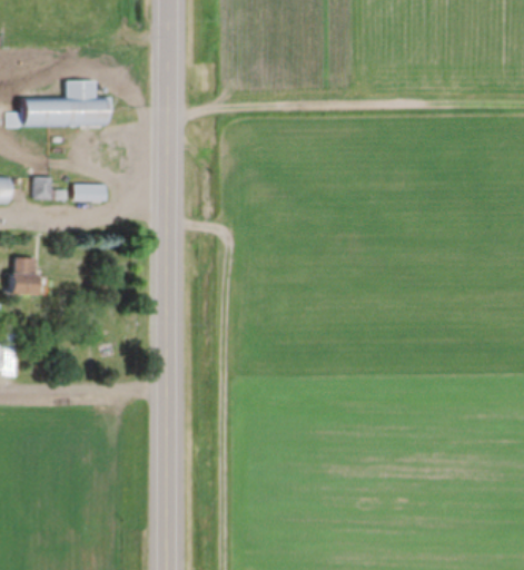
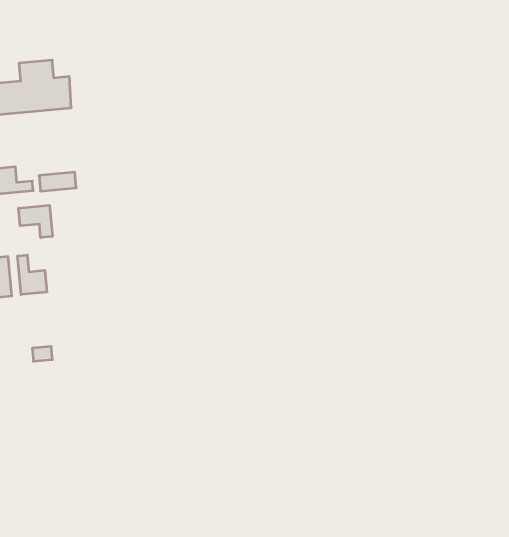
building: none -> [19,205,52,238]
building: none -> [18,255,47,295]

